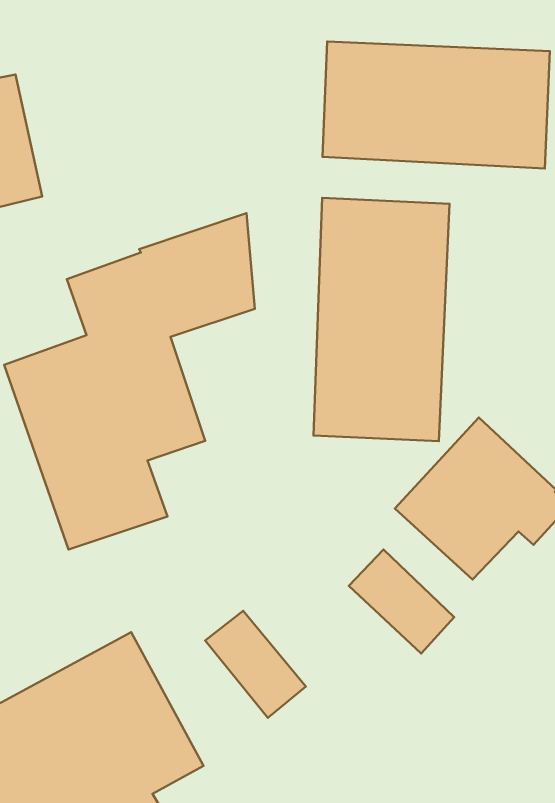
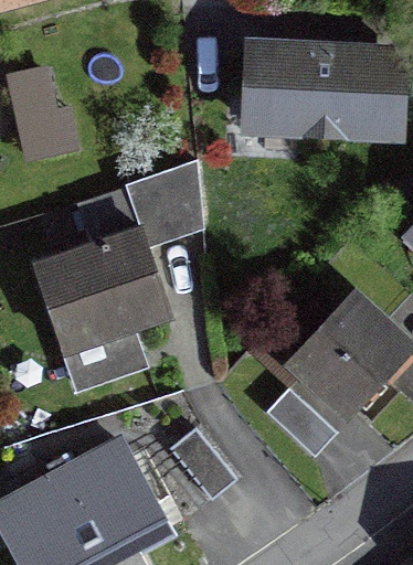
building: [313,198,450,441] -> none

